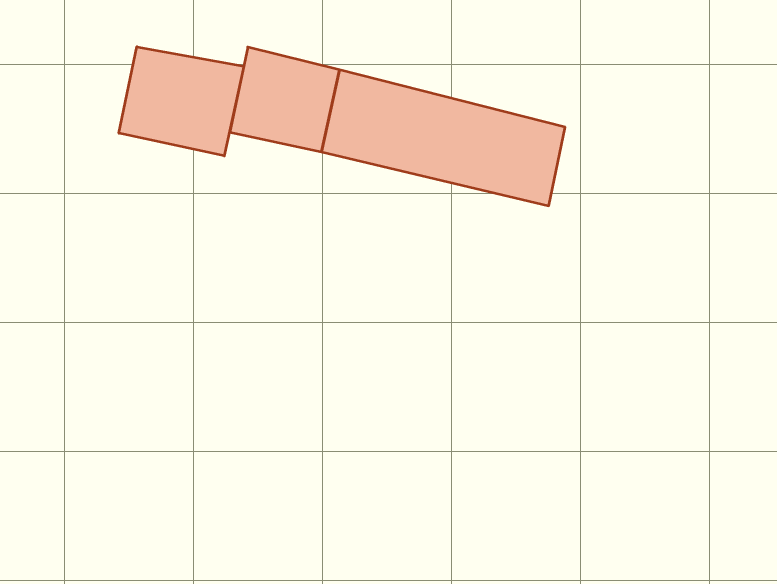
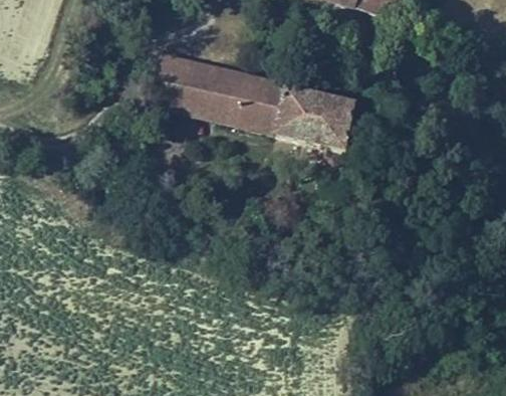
building: [119,47,244,156] -> none

